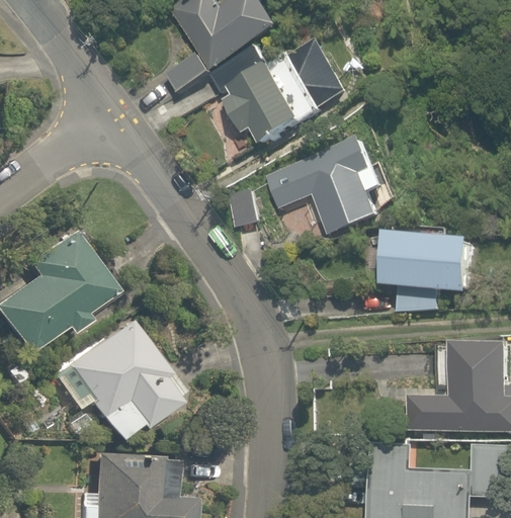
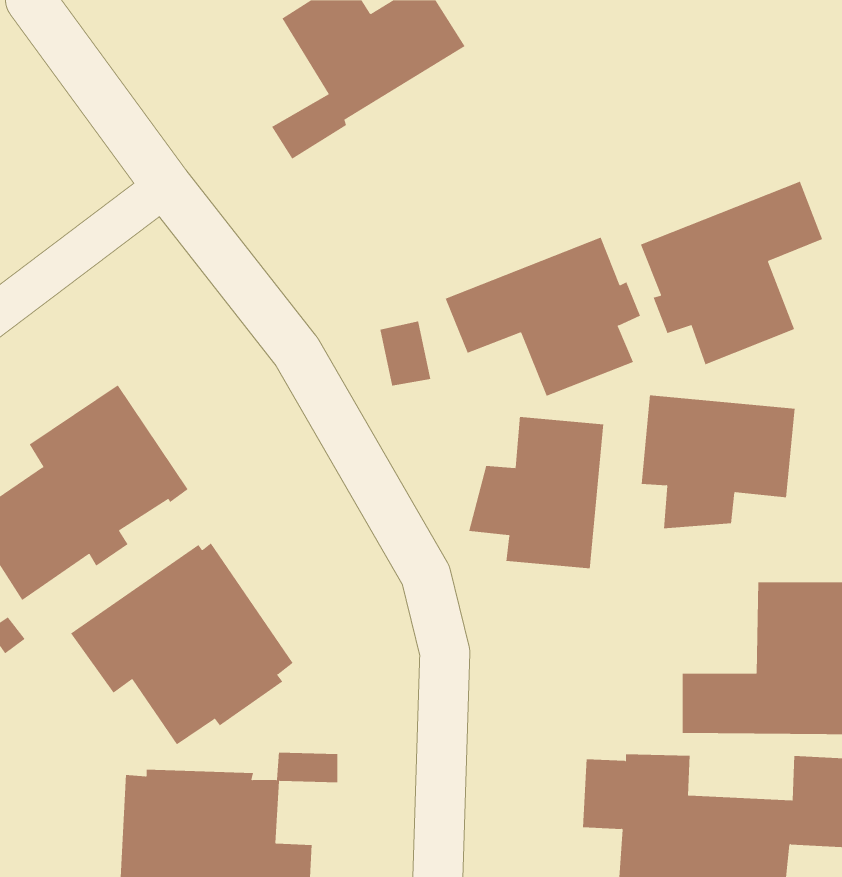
building: [208,39,346,146] -> none
building: none -> [640,181,823,365]
building: none -> [468,416,604,569]

